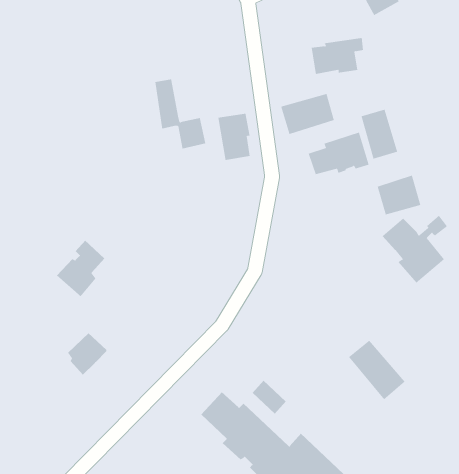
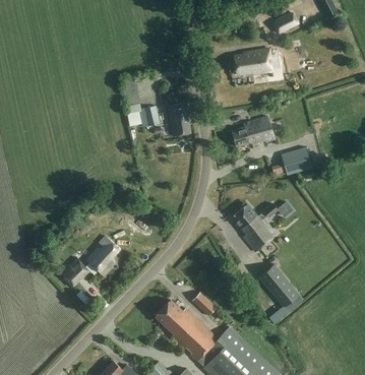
building: [280,93,335,135] -> none
building: [361,109,398,160] -> none
building: [382,215,448,284] -> [232,202,279,251]
building: [56,240,105,297] -> [86,235,121,275]

